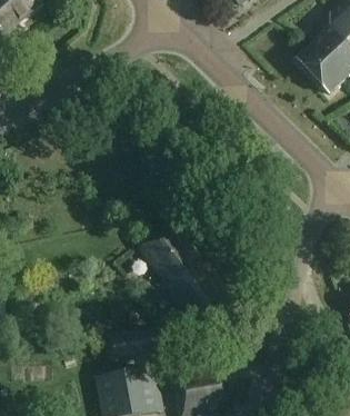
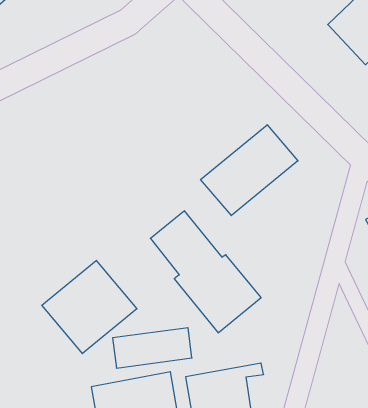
building: none -> [201,125,298,216]
building: none -> [42,260,137,354]

